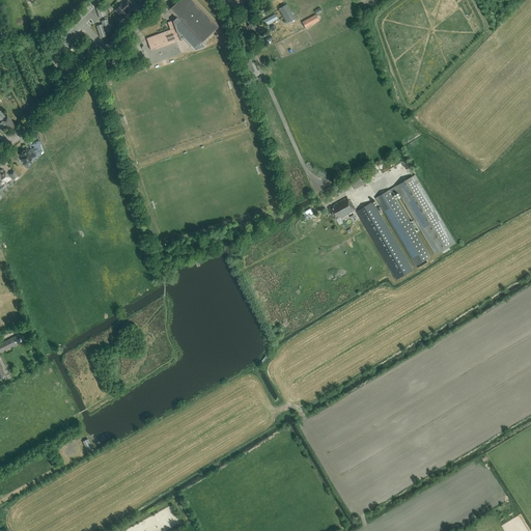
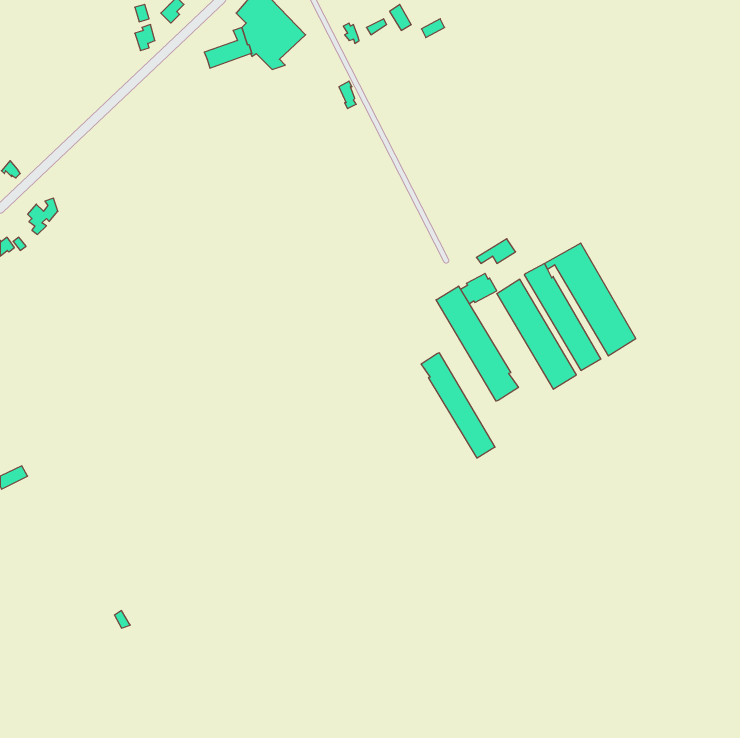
building: none -> [436,286,518,401]
building: none -> [421,353,495,458]

